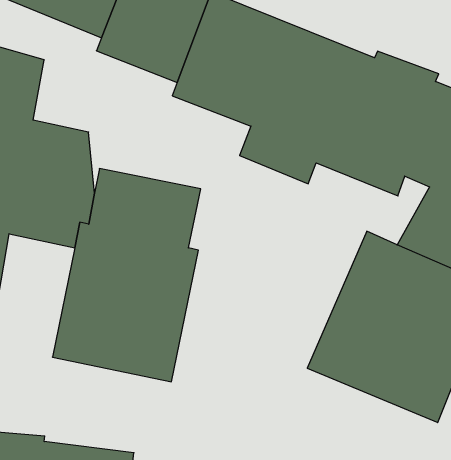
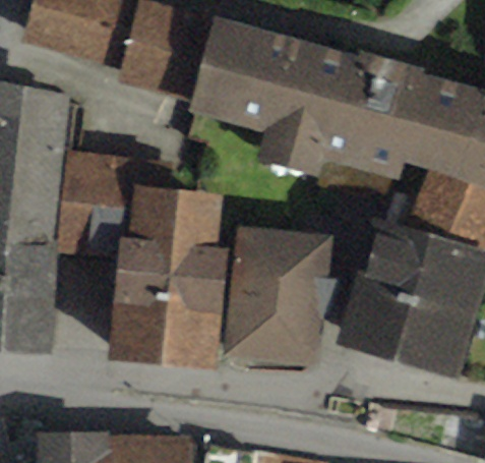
building: none -> [224,226,340,367]

